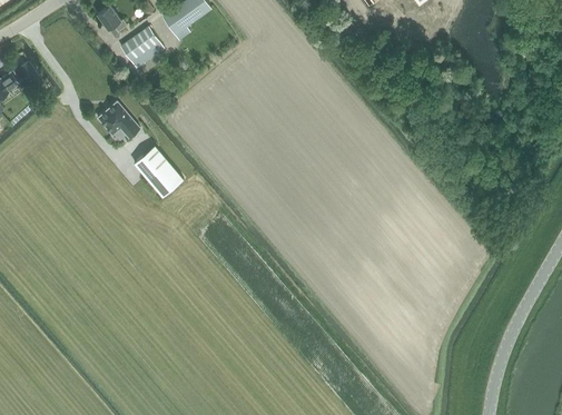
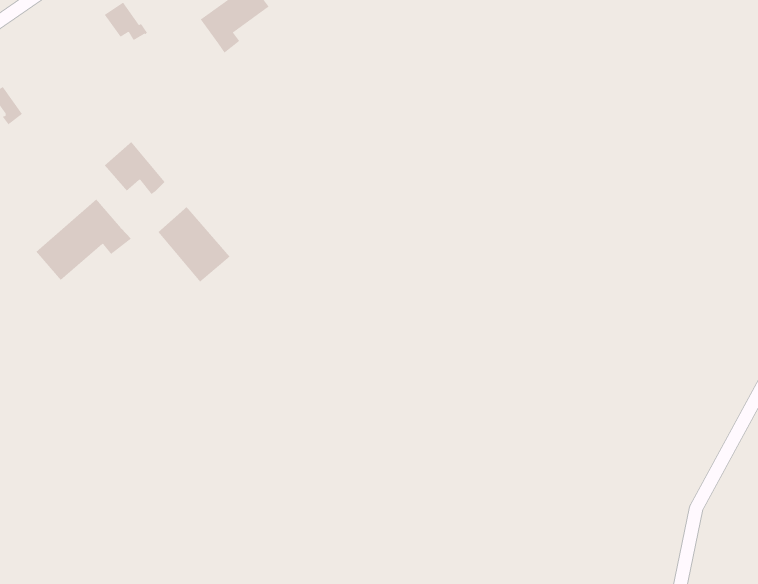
building: [121,26,165,68] -> none
building: none -> [36,198,132,281]

